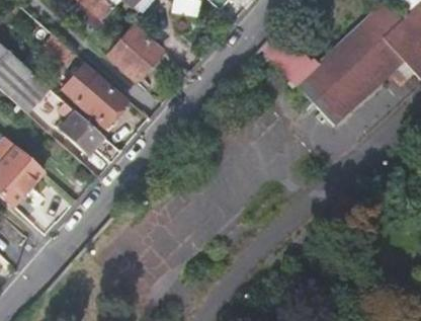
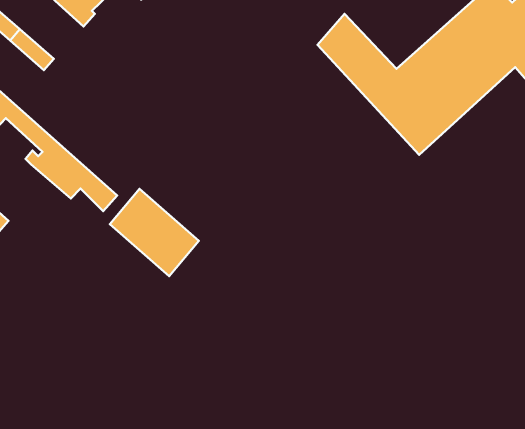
building: [106,26,161,80] -> none
building: [61,64,124,127] -> [110,189,199,276]

